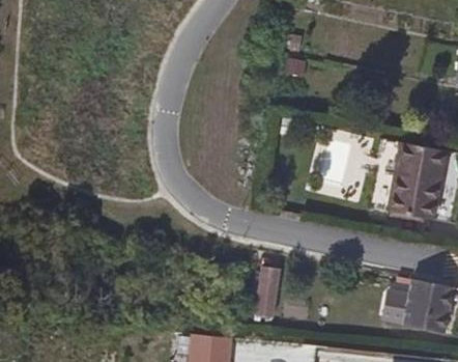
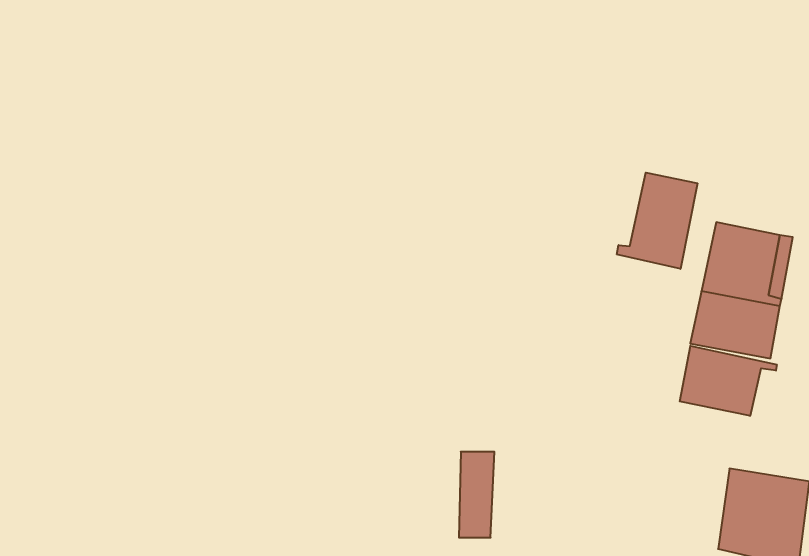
building: none -> [617,173,697,269]
building: none -> [680,346,777,416]

